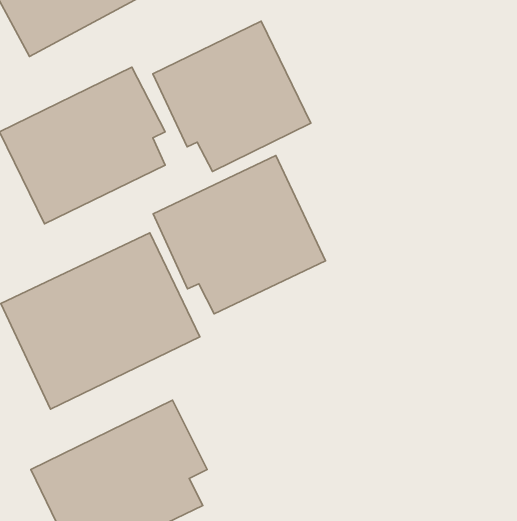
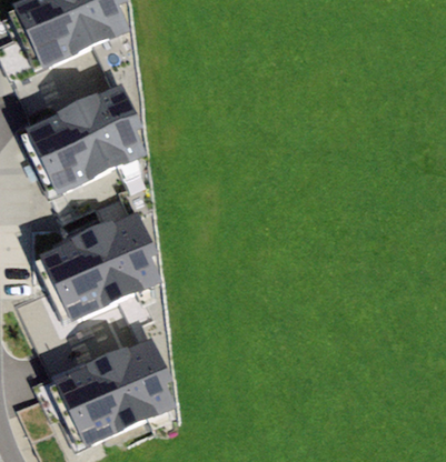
building: [153,21,311,171] -> none
building: [153,156,326,314] -> none

